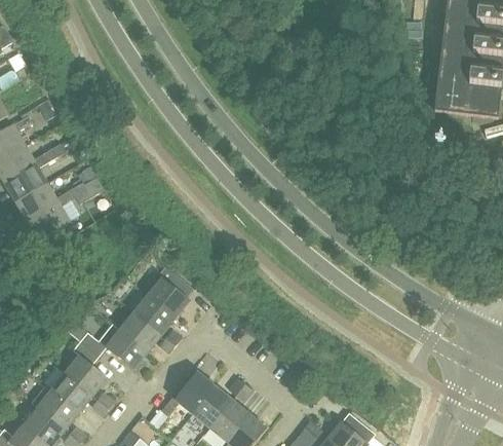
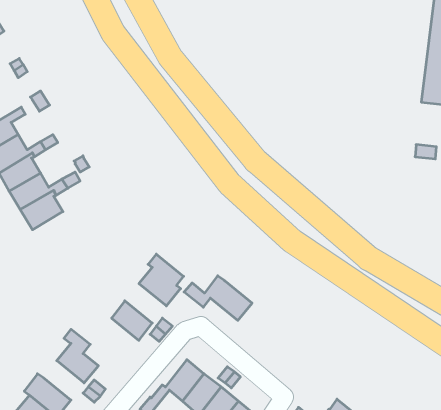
building: [133,295,176,335] -> none
building: [79,325,148,370] -> [184,276,252,320]
building: [51,373,92,413] -> none

